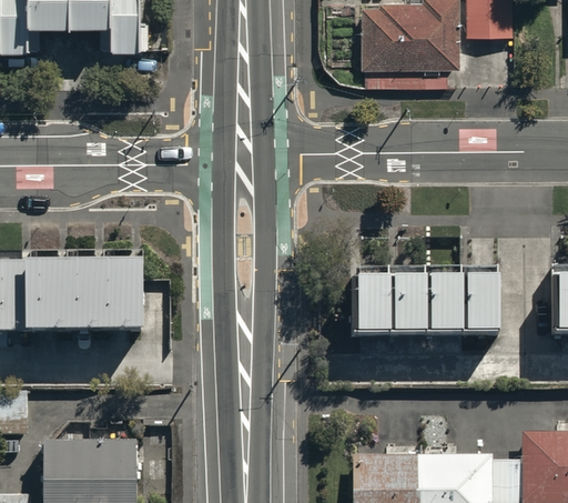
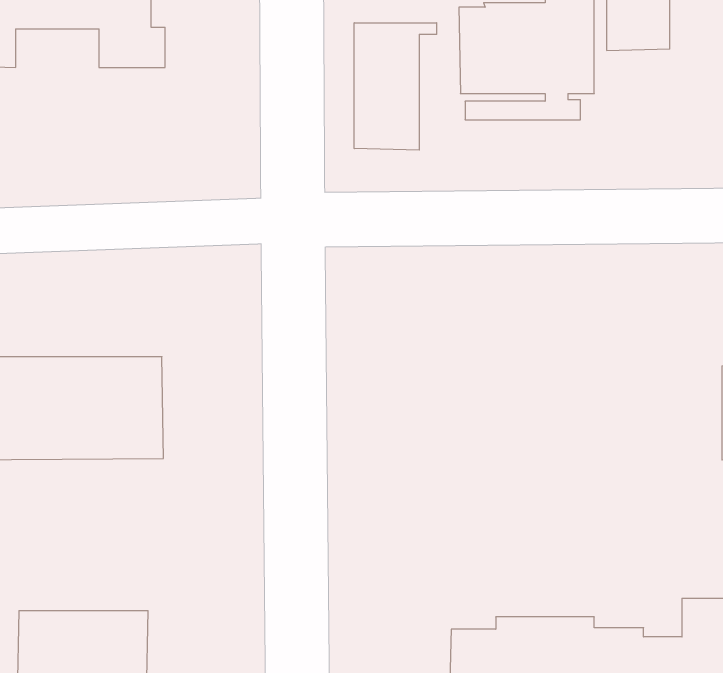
building: none -> [354,23,437,150]
building: [356,268,498,335] -> none

